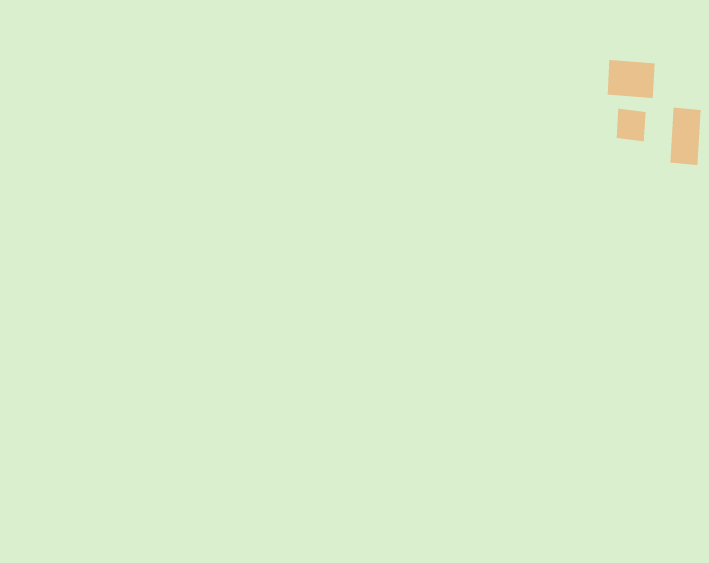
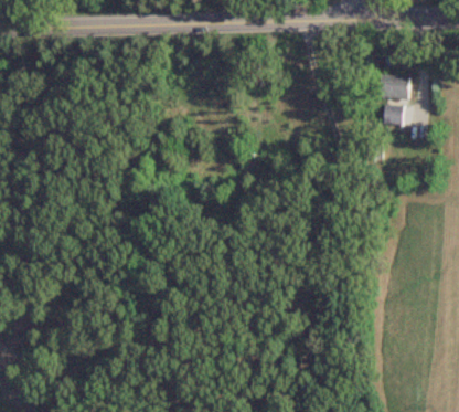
building: [669,107,702,166] -> none

